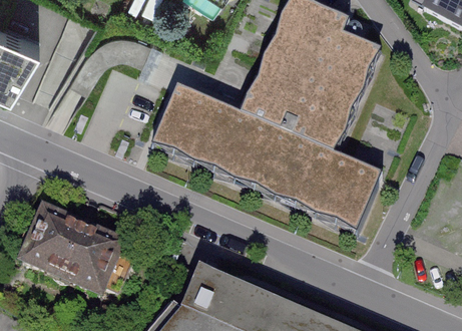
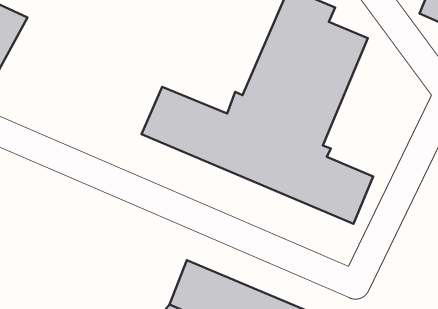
building: [23,201,130,298] -> none

